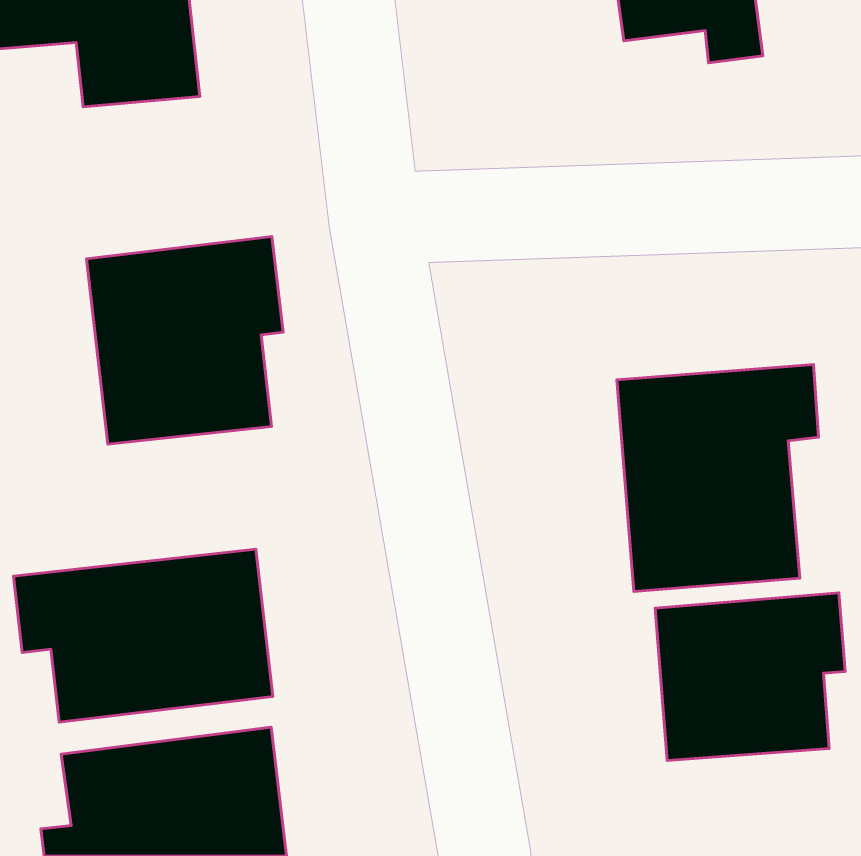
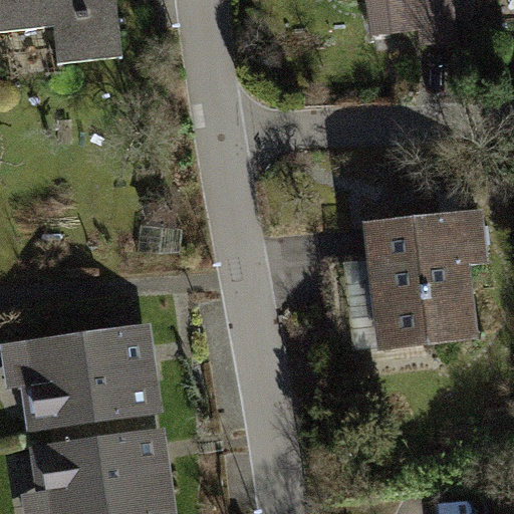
building: [87,236,283,444] -> none
building: [655,593,845,760] -> none

